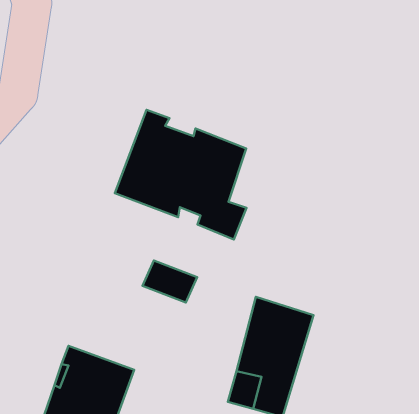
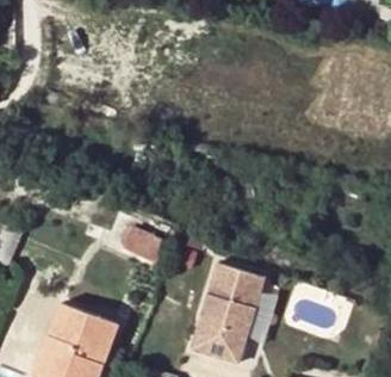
building: [115,110,247,239] -> none

